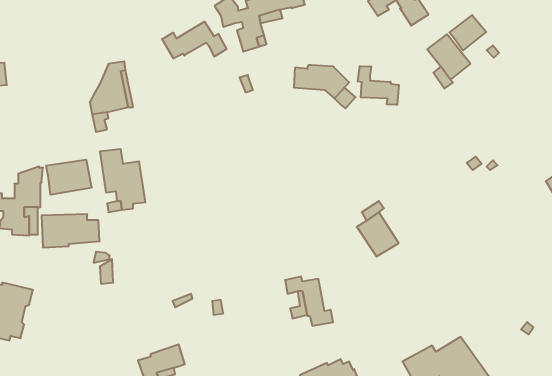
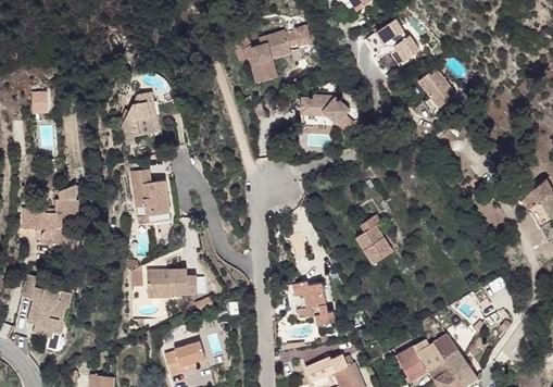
building: [449,15,486,50] -> none
building: [162,22,226,59] -> none
building: [358,66,399,105] -> none
building: [46,160,92,195] -> none
building: [42,214,100,247] -> [146,269,197,298]

